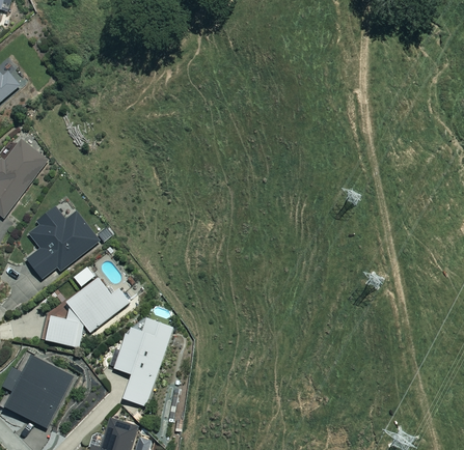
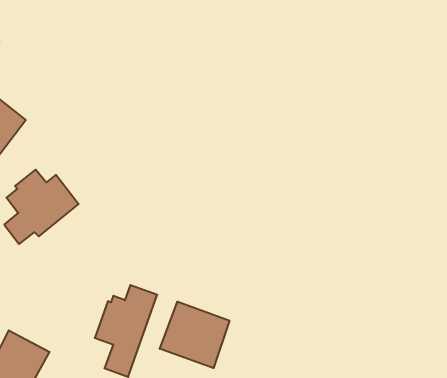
building: [45,277,130,346] -> none
building: none -> [160,302,229,368]

